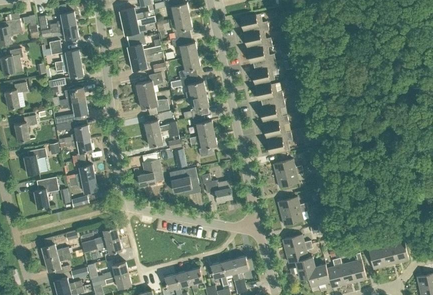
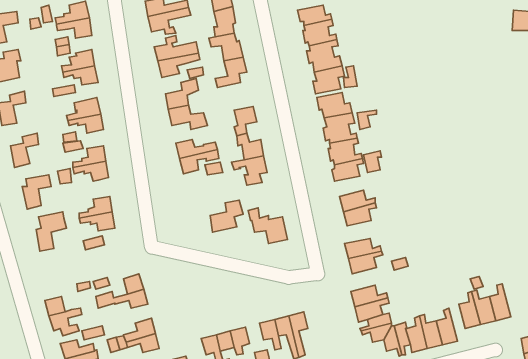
building: [177,75,205,98] -> none
building: [138,159,162,187] -> none

